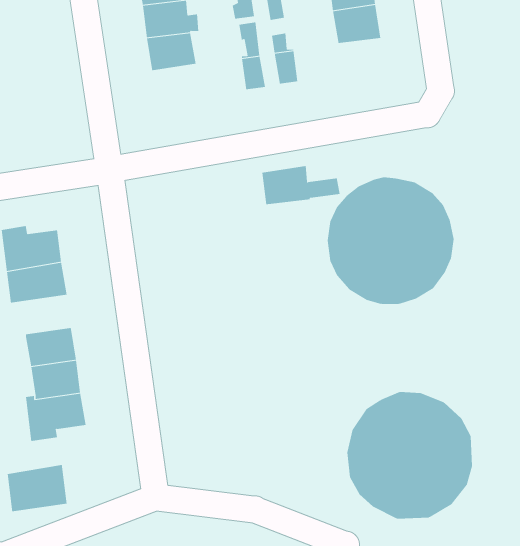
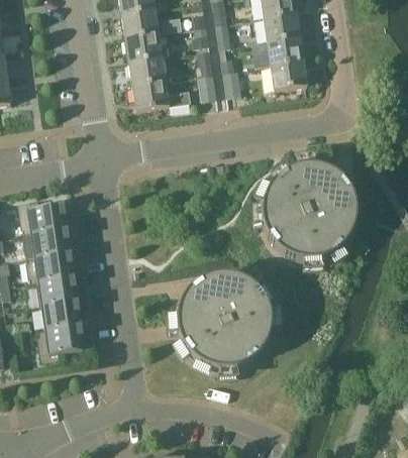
building: none -> [271,63,306,91]
building: [262,166,340,205] -> [132,82,191,111]
building: none -> [27,253,73,285]
building: [347,391,473,519] -> [178,274,272,369]
building: [7,464,67,512] -> none

